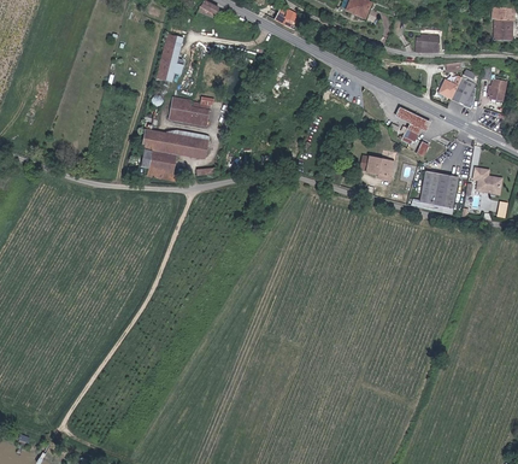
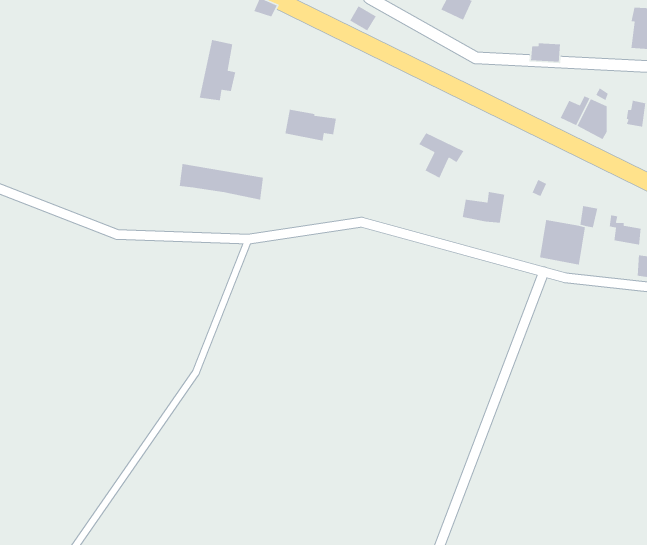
building: [170,98,211,123] -> [284,109,337,142]
building: [394,107,430,143] -> [418,132,465,179]
building: [140,147,184,178] -> none

